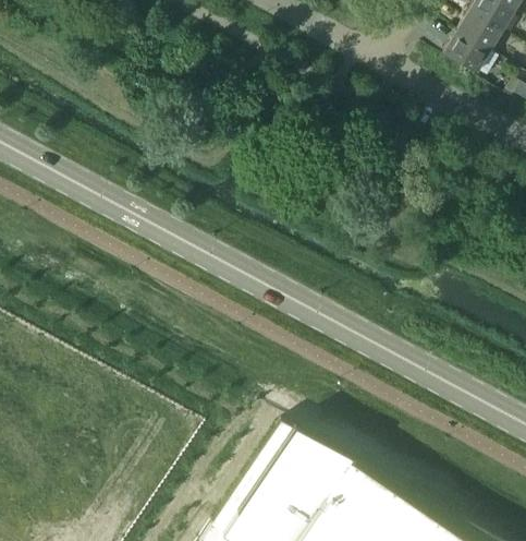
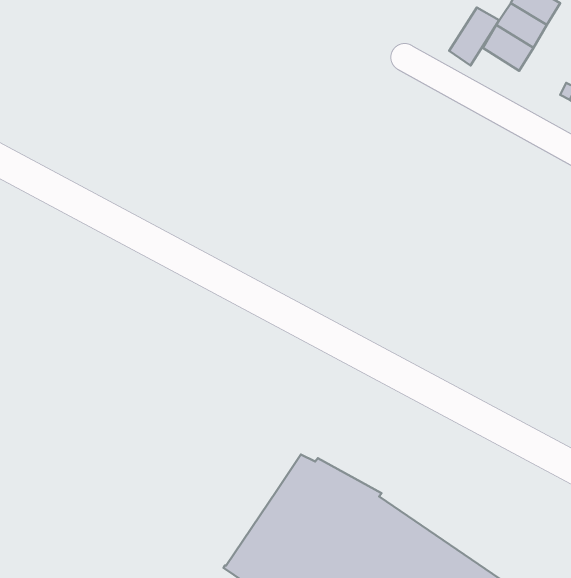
building: none -> [449,7,499,65]

